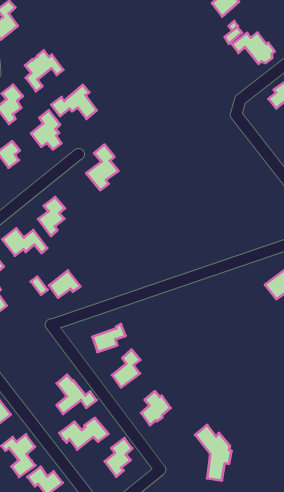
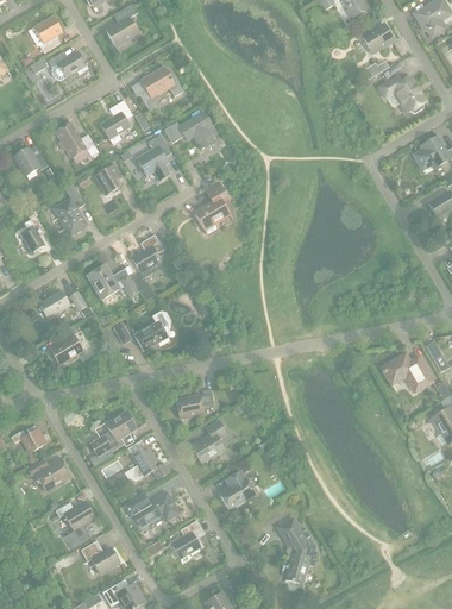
building: none -> [89,410,136,454]

